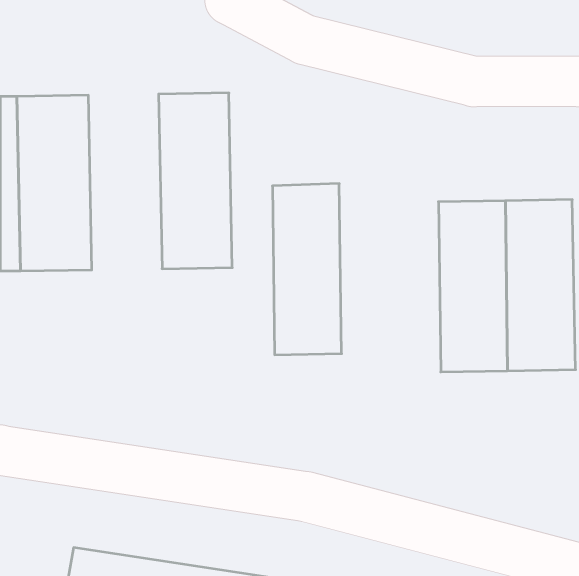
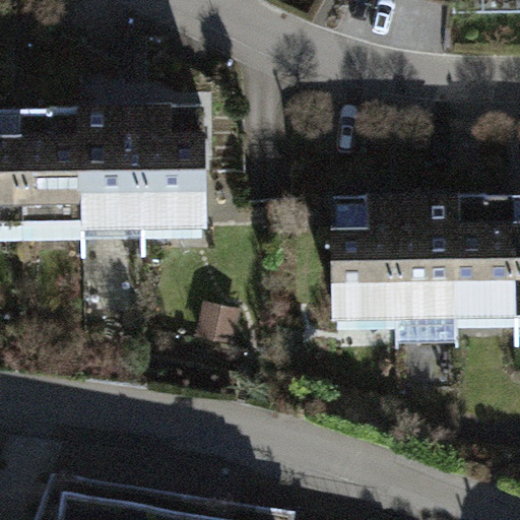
building: none -> [79,87,145,245]
building: [272,184,342,355] -> [333,184,395,337]

